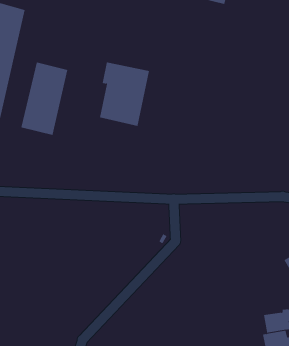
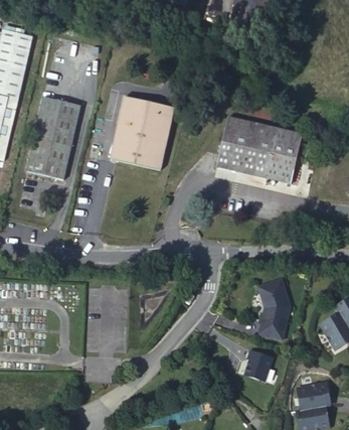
building: none -> [216,116,303,181]
building: none -> [255,277,288,337]
building: none -> [243,348,271,379]

